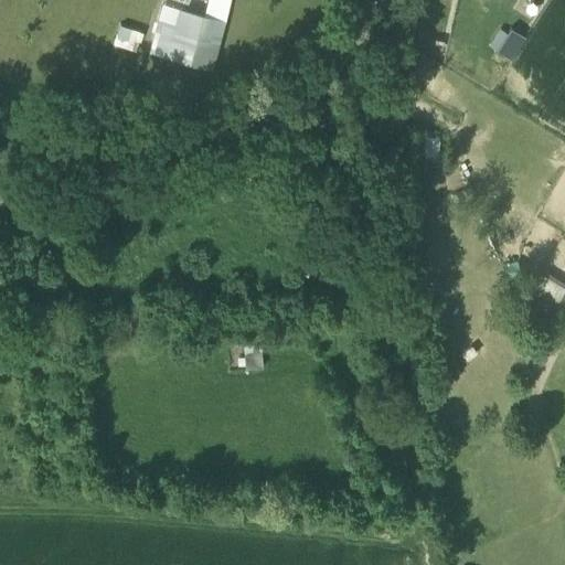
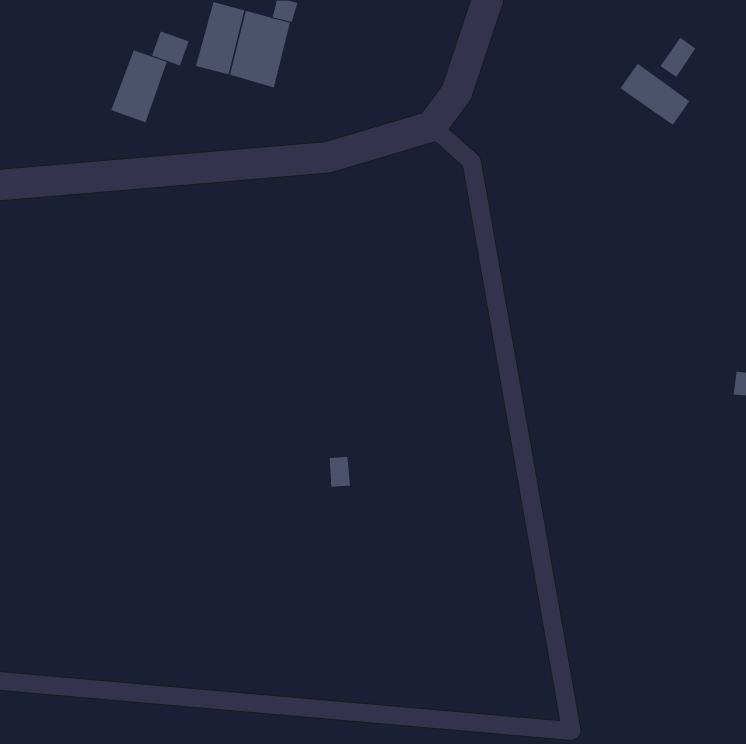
building: none -> [111,50,168,123]
building: none -> [619,63,690,126]

